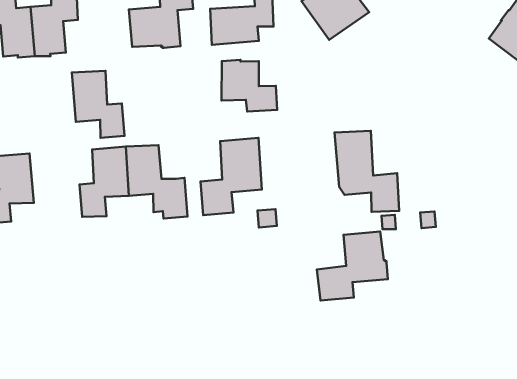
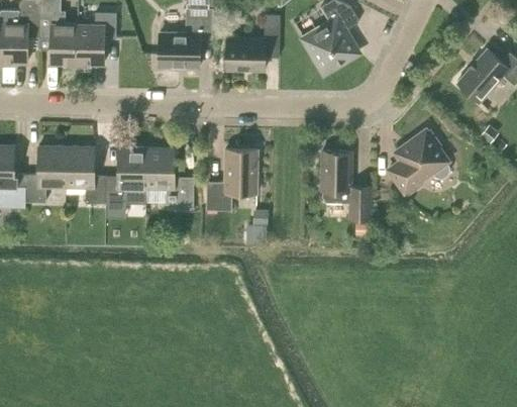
building: [222,60,277,111] -> none
building: [72,71,124,138] -> [66,146,105,203]
building: none -> [388,129,449,196]
building: [317,232,388,300] -> none

